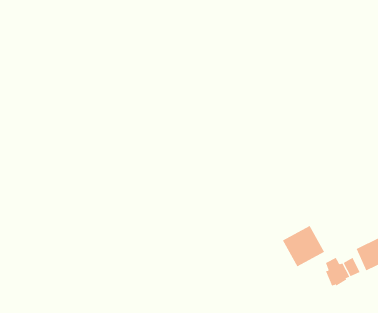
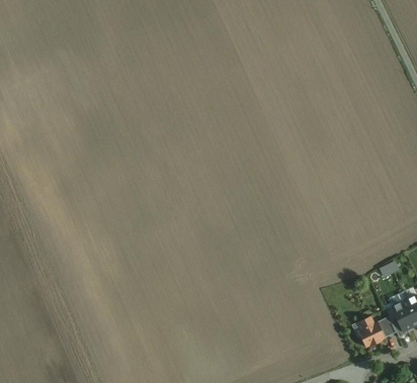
building: [282,225,325,267] -> none

